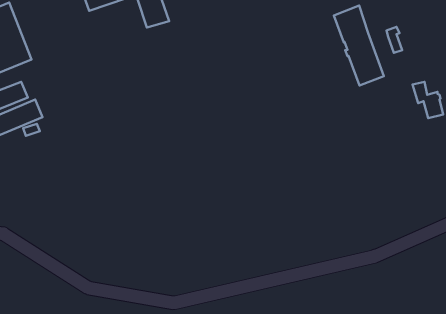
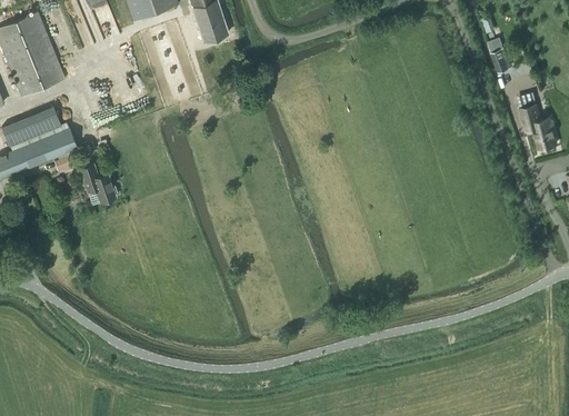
building: [334,5,384,85] -> none
building: none -> [79,164,116,202]

